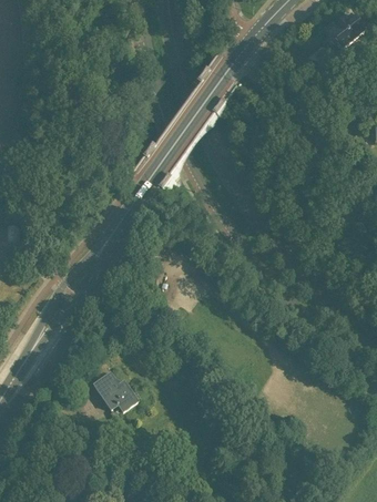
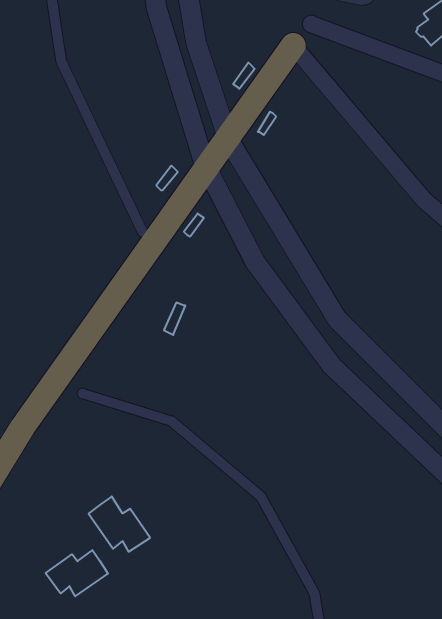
building: none -> [46,550,108,596]

